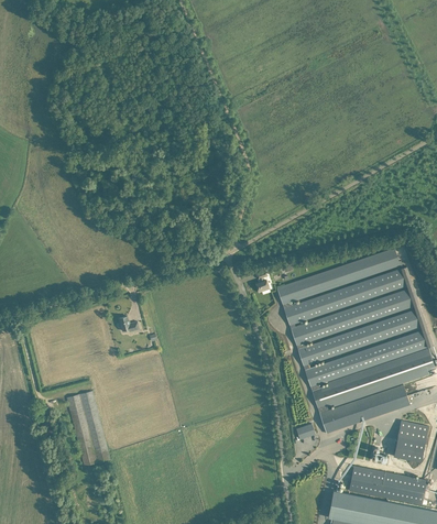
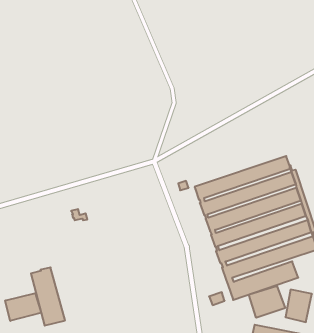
building: none -> [249,286,285,318]
building: none -> [5,293,41,321]

